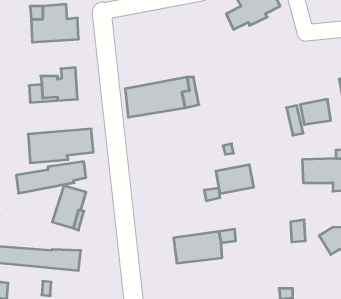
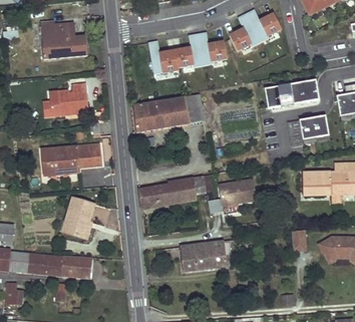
building: none -> [148,29,227,72]
building: none -> [265,79,320,107]
building: [16,162,86,193] -> [139,176,206,206]

